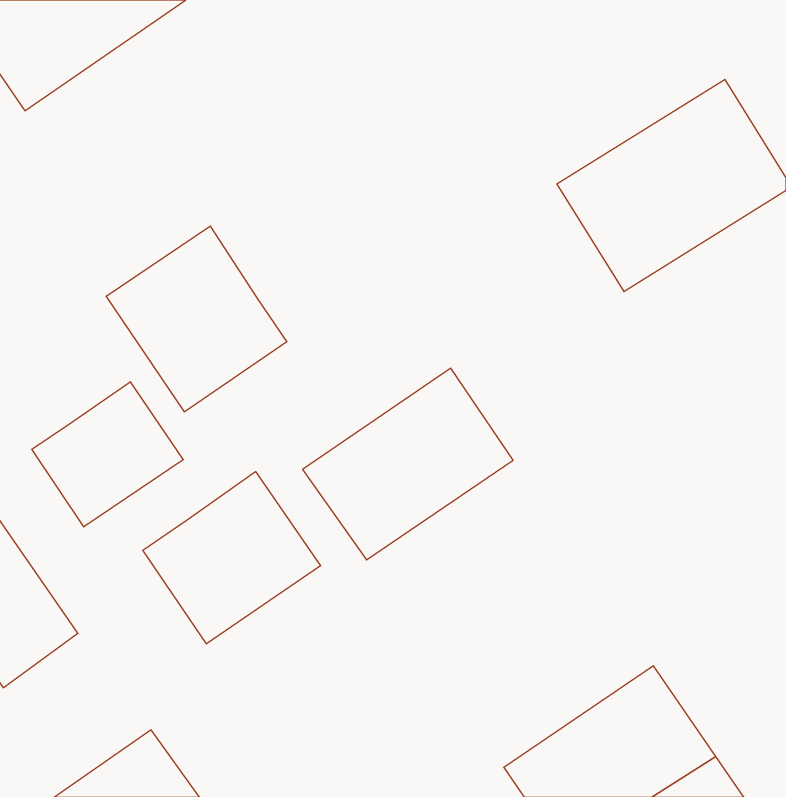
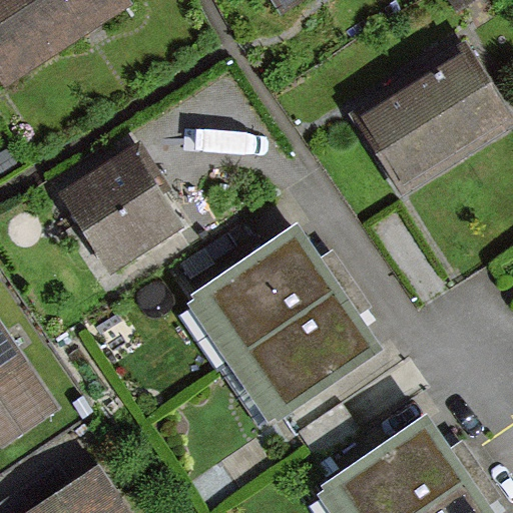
building: [32,382,183,527] -> none
building: none -> [235,296,370,419]
building: [143,472,321,644] -> none

